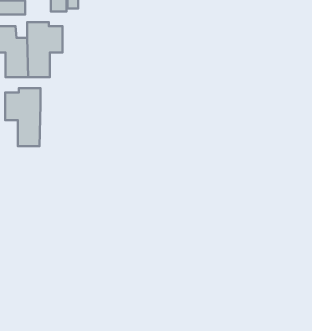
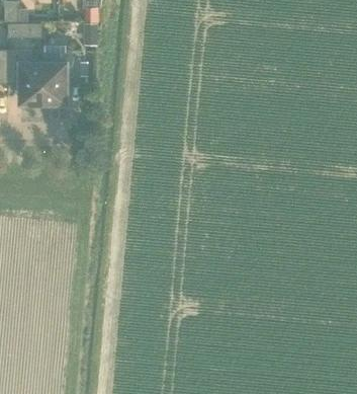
building: [5,88,40,146] -> none

